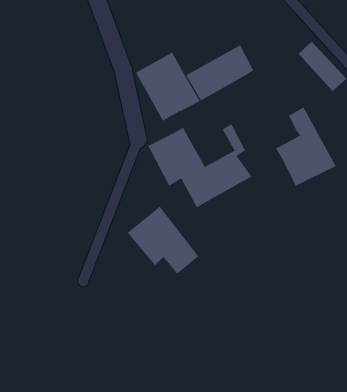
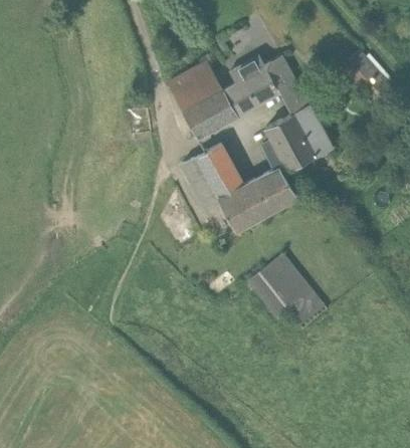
building: [275,107,337,187] -> [265,82,332,169]
building: [127,206,199,275] -> [247,253,326,327]

